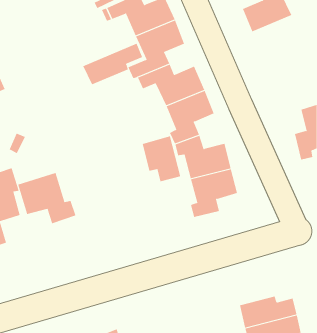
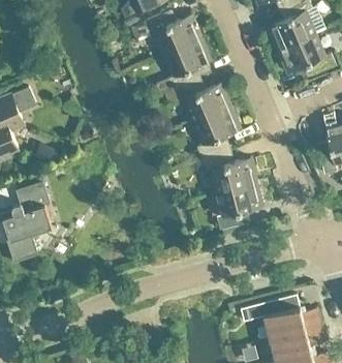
building: none -> [276,32,335,75]
building: [83,43,143,85] -> none
building: [142,136,181,182] -> none
building: [17,172,76,224] -> none

